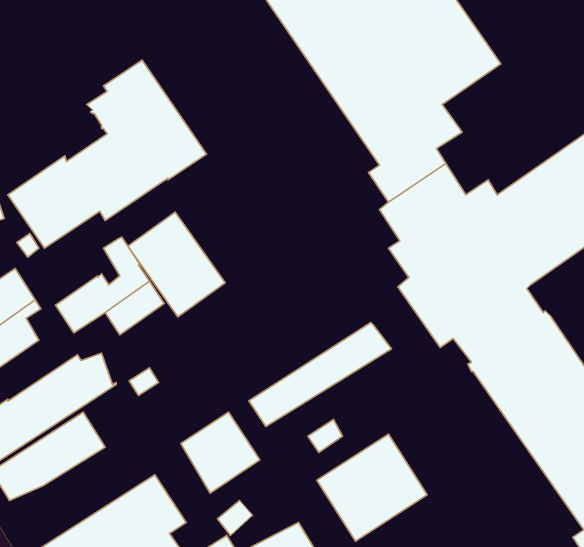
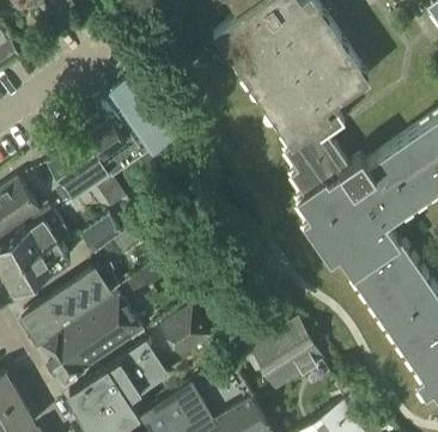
building: [128,212,225,317] -> none
building: [249,322,392,426] -> none
building: none -> [49,293,142,384]

